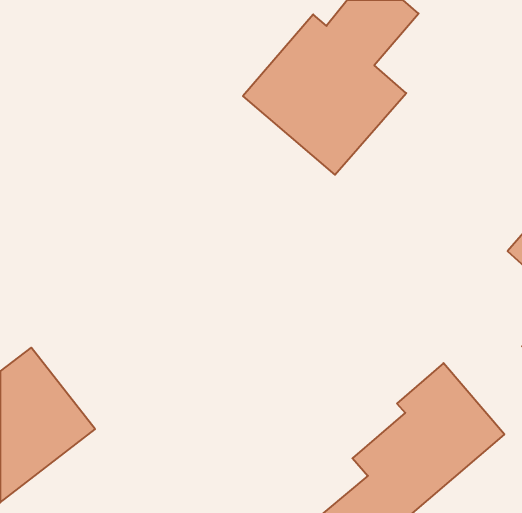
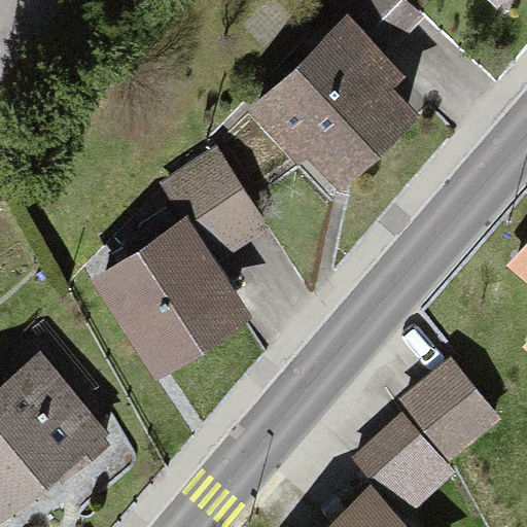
building: none -> [87,167,259,376]

